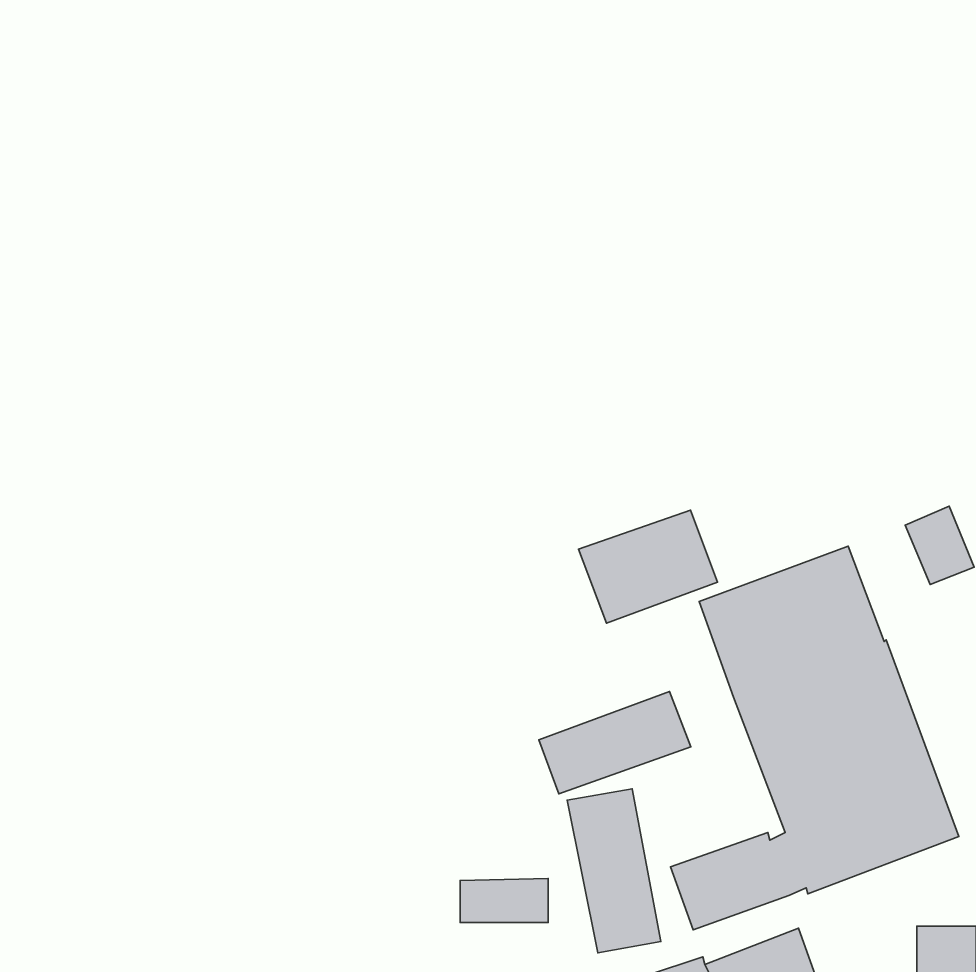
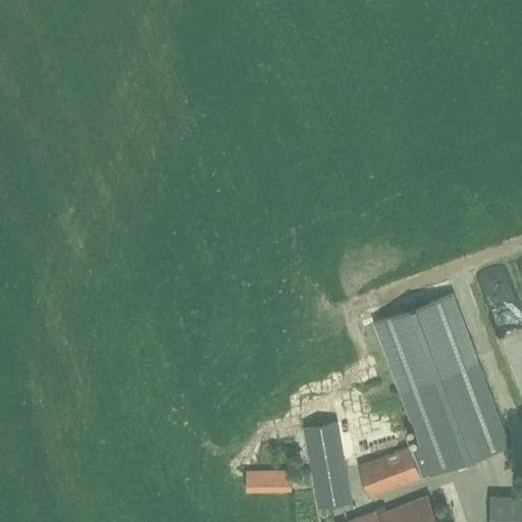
building: [579,510,717,623] -> none
building: [539,691,691,794] -> none

